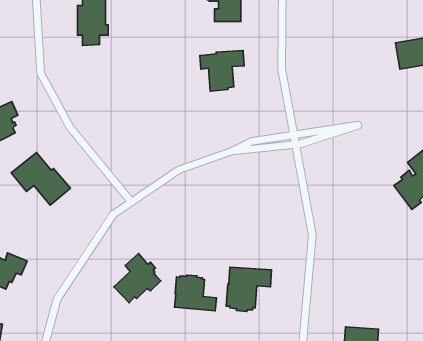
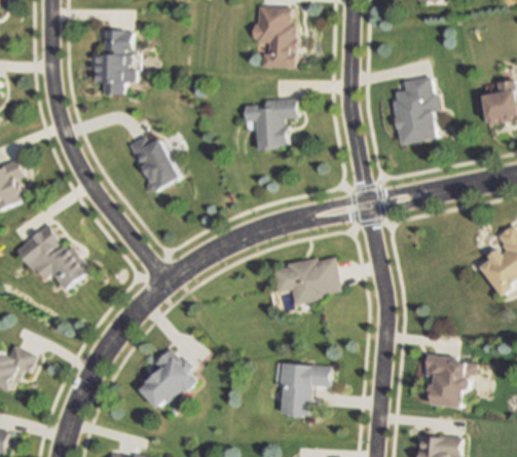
building: none -> [392,73,438,144]
building: none -> [131,140,180,192]
building: none -> [272,257,341,305]
building: none -> [424,354,475,405]
building: [174,275,217,311] -> none

